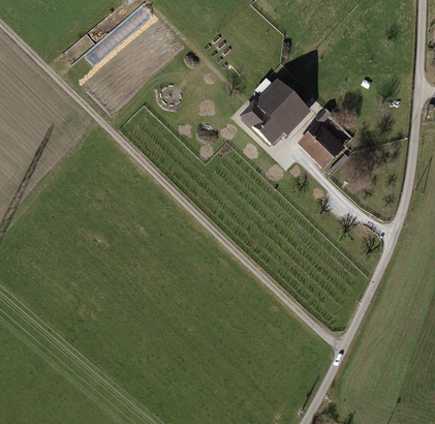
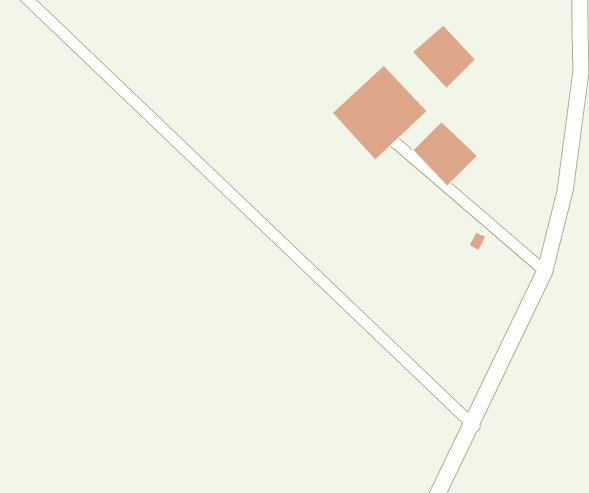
building: none -> [412,25,476,88]

